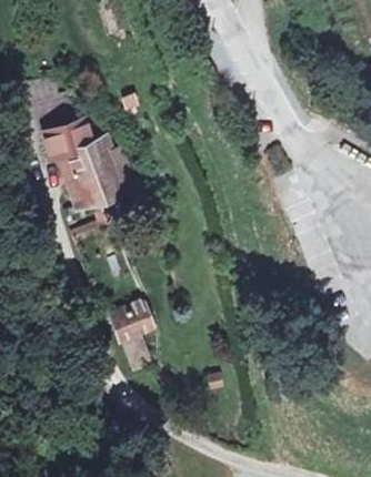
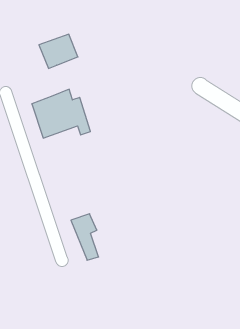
building: [34,114,88,161] -> [39,34,78,68]

